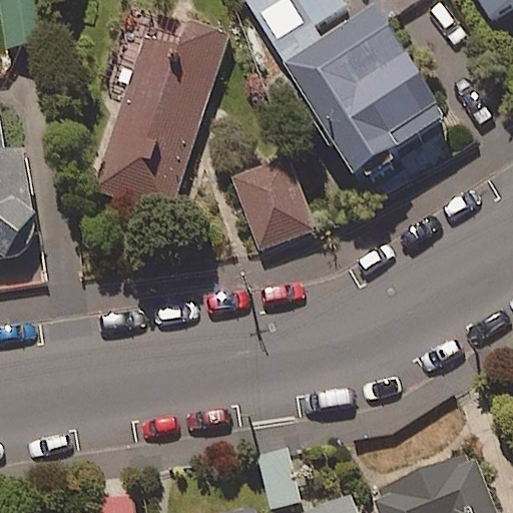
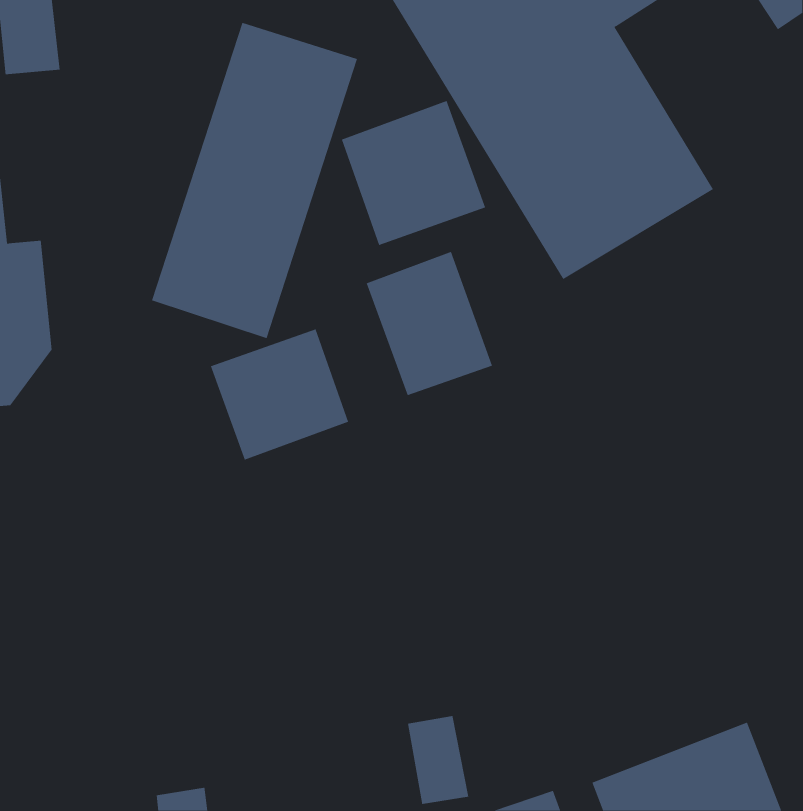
building: none -> [341,100,486,246]
building: none -> [210,329,349,460]

